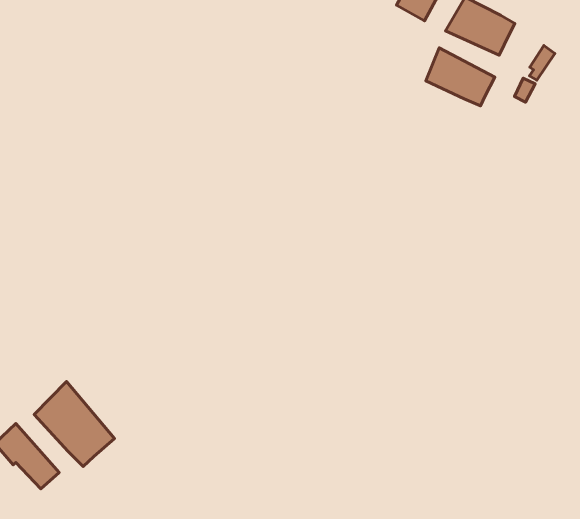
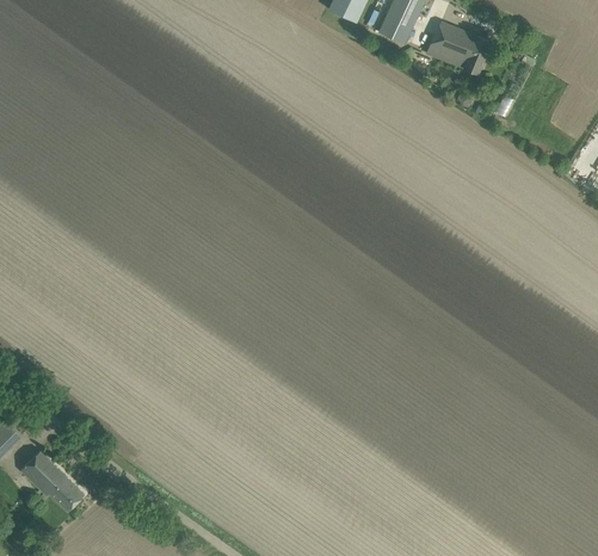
building: [426,48,495,106] -> none
building: [34,382,114,466] -> none

